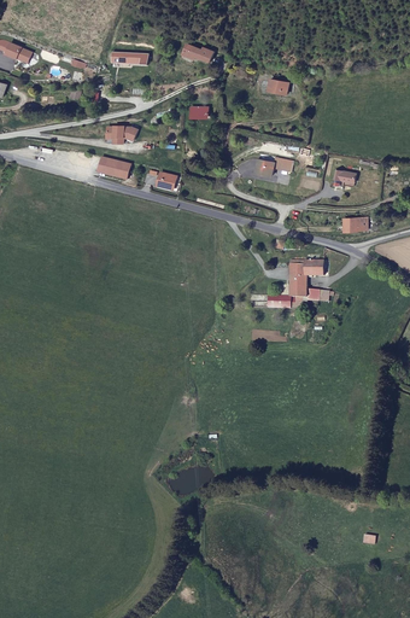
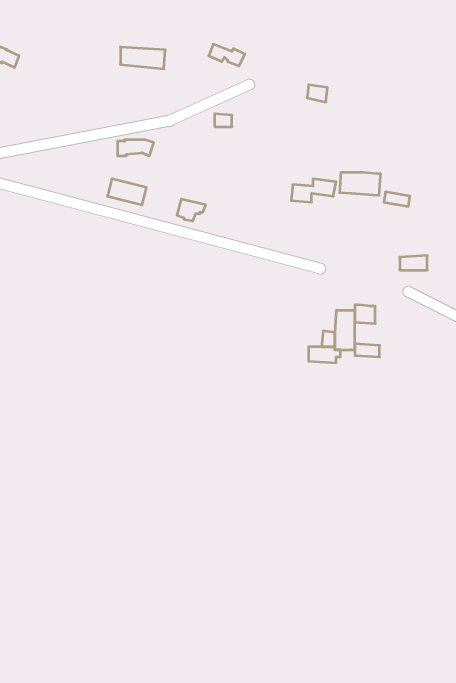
building: none -> [340,172,380,195]

